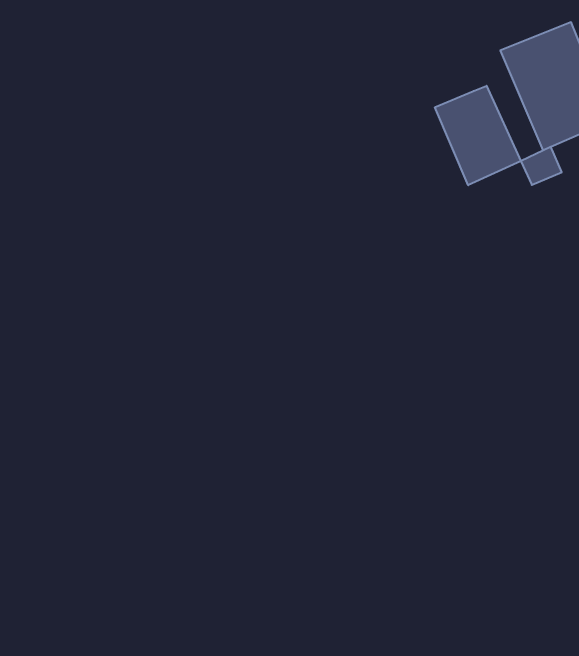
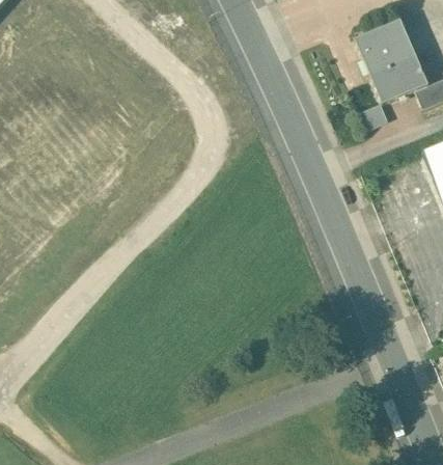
building: [435,86,521,185] -> none

